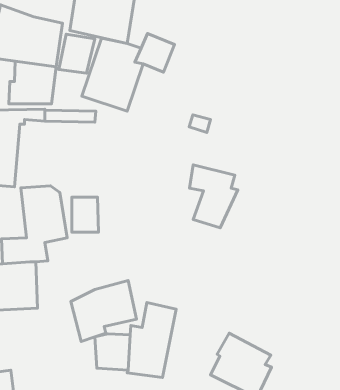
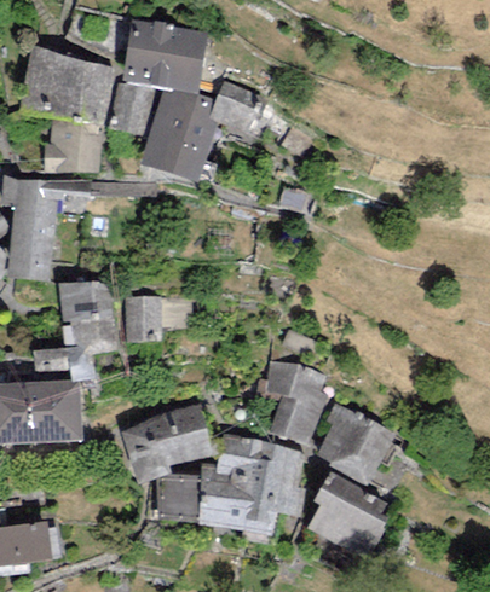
building: [190,165,238,228] -> [266,360,329,442]
building: none -> [317,402,396,484]
building: none -> [244,441,306,536]

